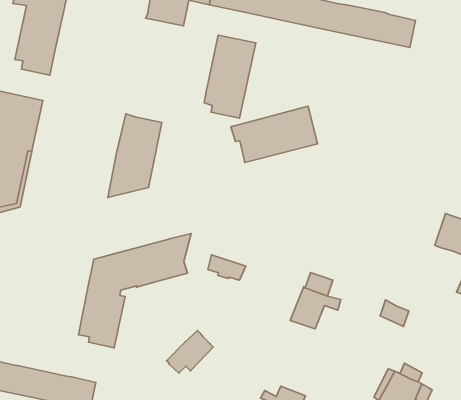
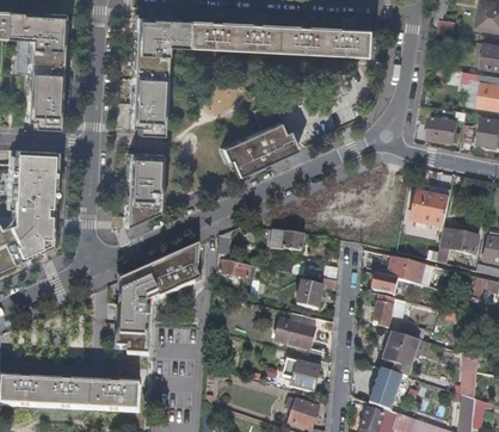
building: [204,35,256,118] -> [129,67,165,135]
building: none -> [271,230,304,251]
building: none -> [387,258,425,285]
building: none -> [371,295,405,328]
building: [166,330,213,373] -> none
building: none -> [281,322,316,350]

